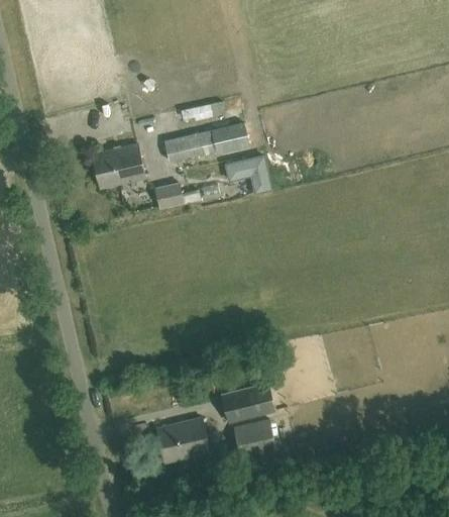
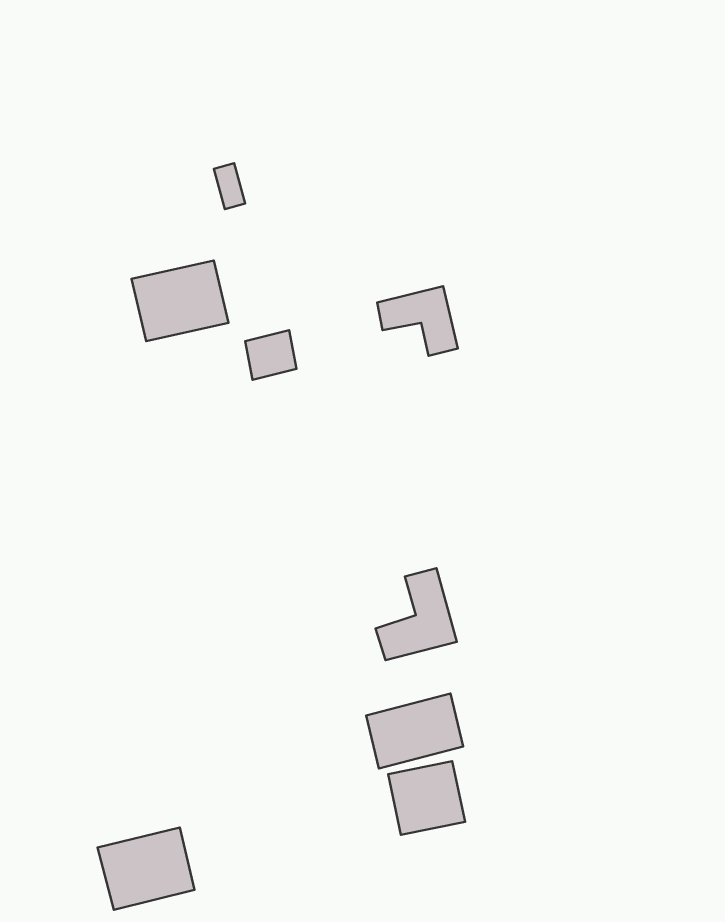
building: [163,121,248,162] -> none
building: none -> [376,568,457,660]
building: [155,417,209,462] -> [97,827,195,910]

